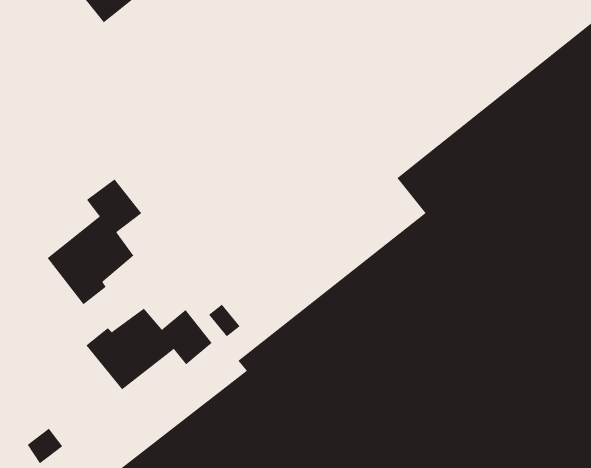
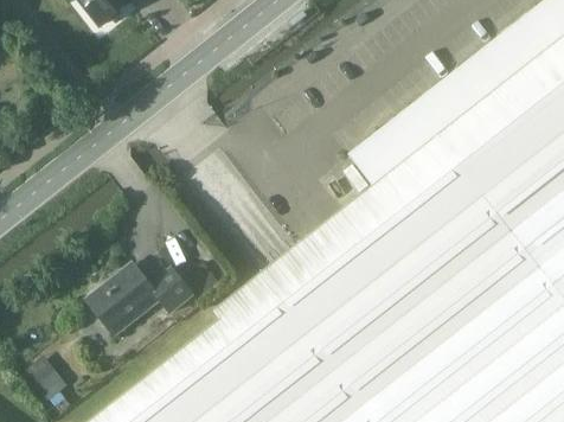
building: [47,179,142,305] -> none

